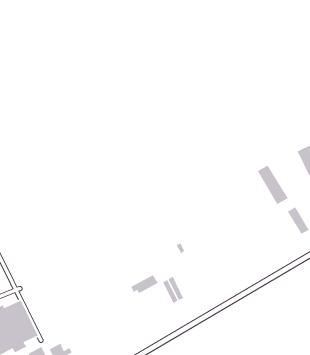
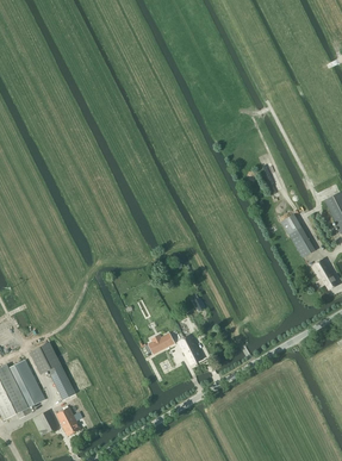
building: none -> [30,342,75,399]

